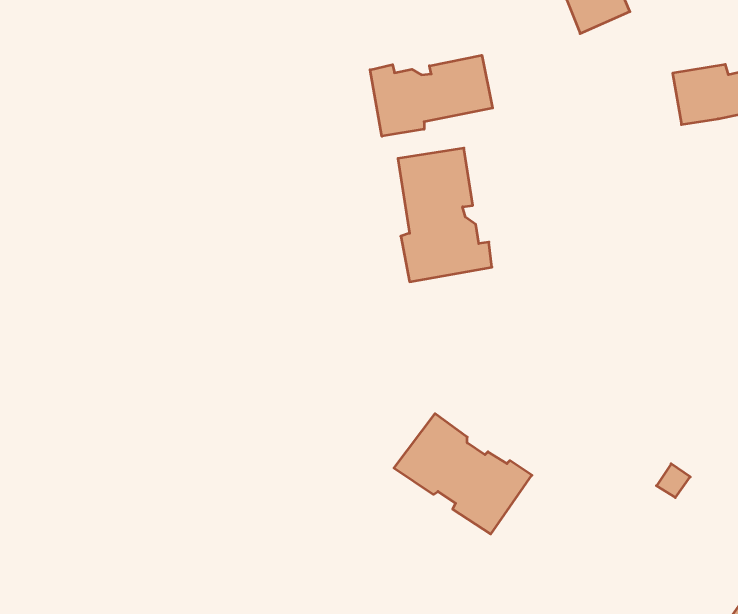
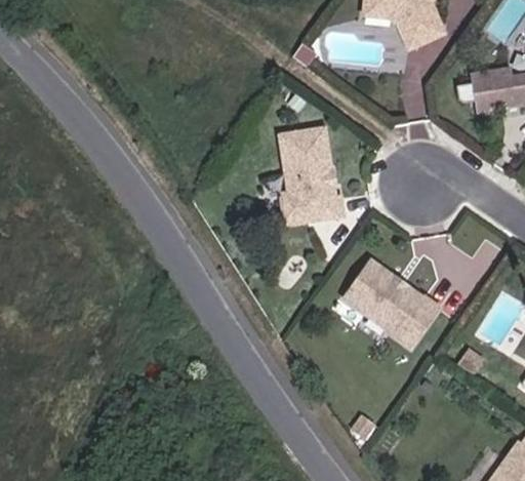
building: [370,55,493,136] -> none
building: [394,414,532,534] -> [348,260,444,345]

